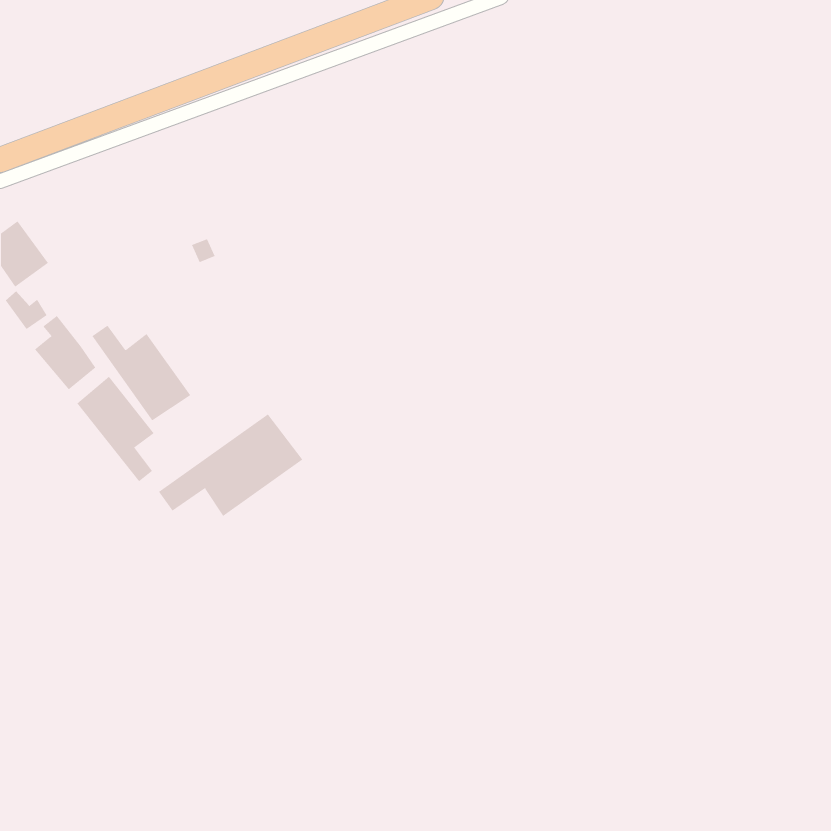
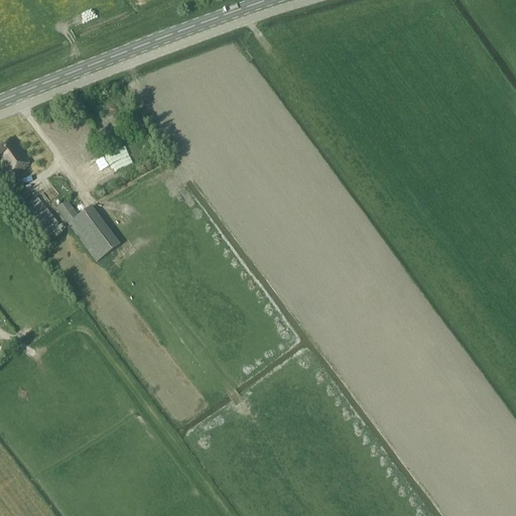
building: [76,376,154,482] -> none
building: [158,413,303,517] -> none

